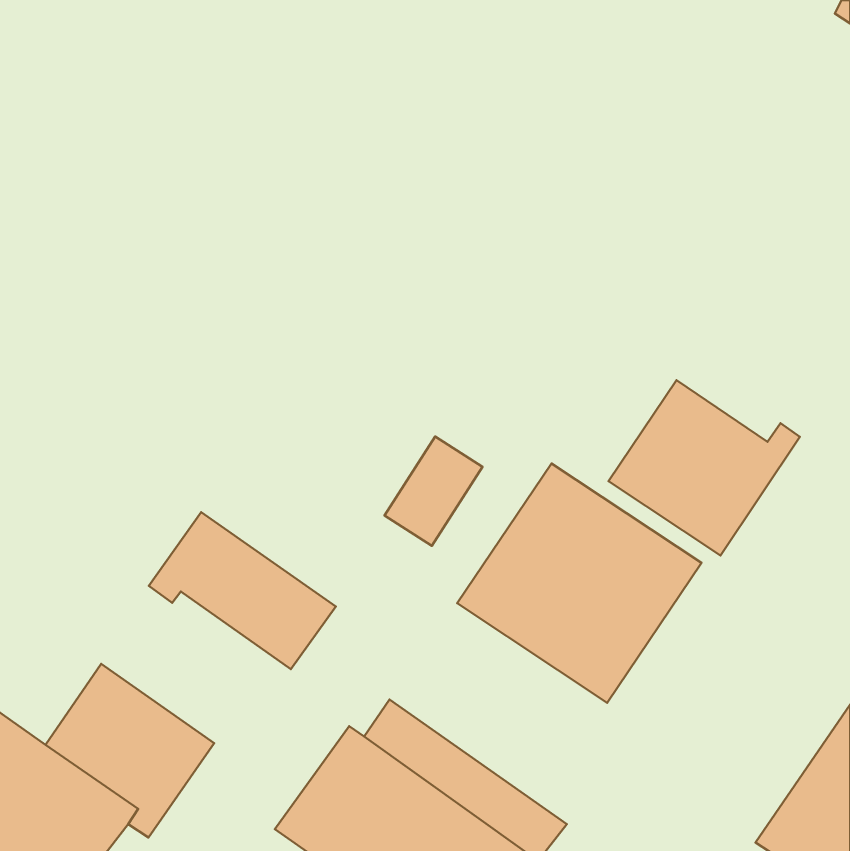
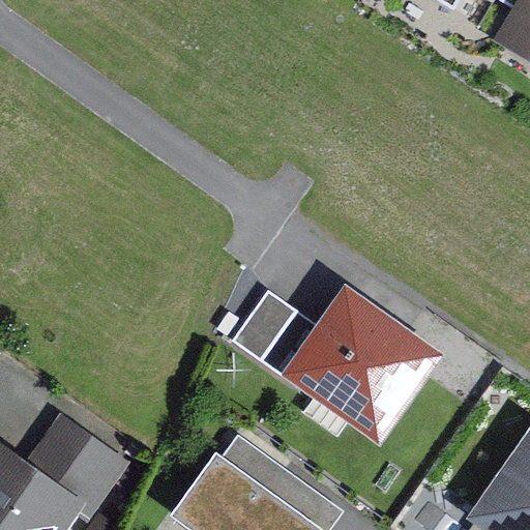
building: [608,380,800,556] -> none
building: [149,512,336,669] -> none

